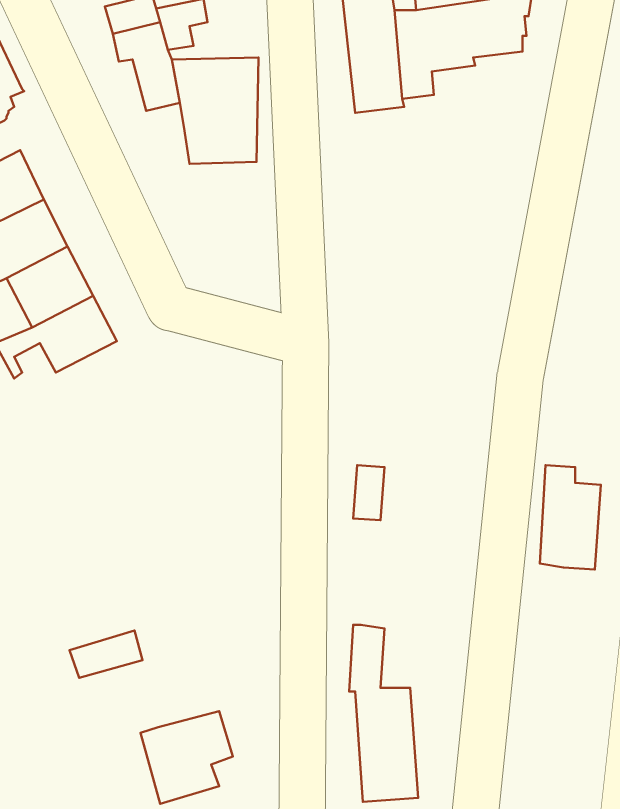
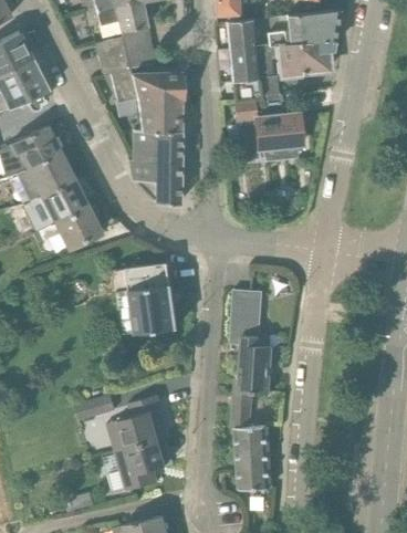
building: none -> [236,108,303,158]
building: none -> [131,132,180,203]
building: none -> [113,262,177,336]
building: [540,465,601,569] -> [239,336,273,395]
building: none -> [117,396,170,449]

